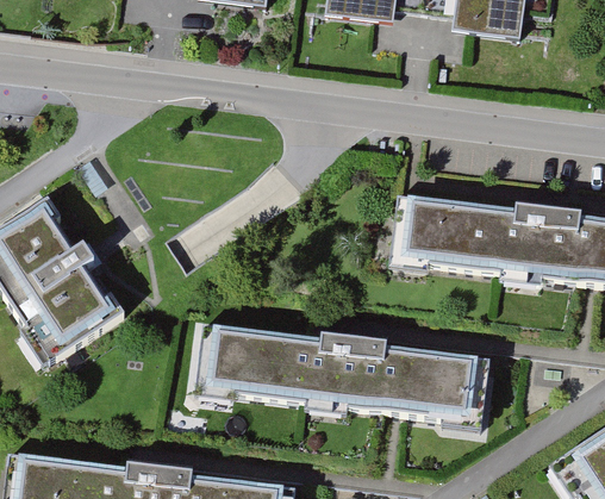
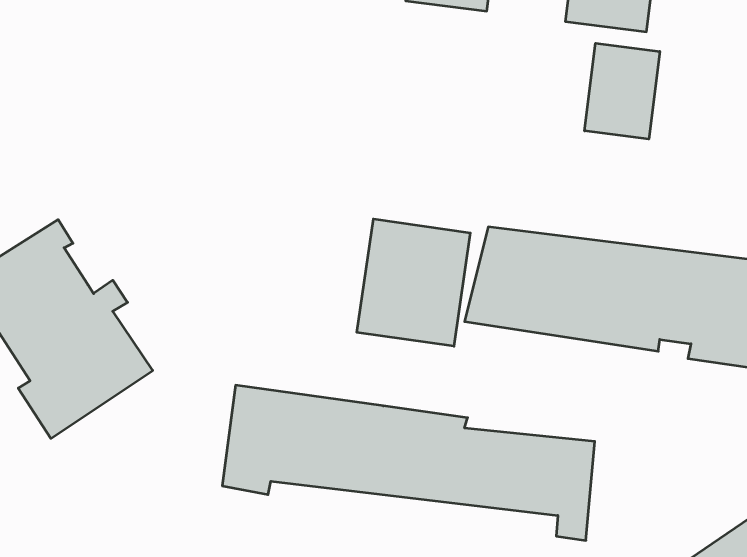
building: none -> [585,43,660,139]
building: none -> [357,219,470,346]

